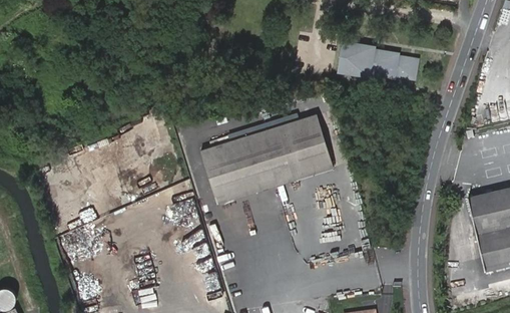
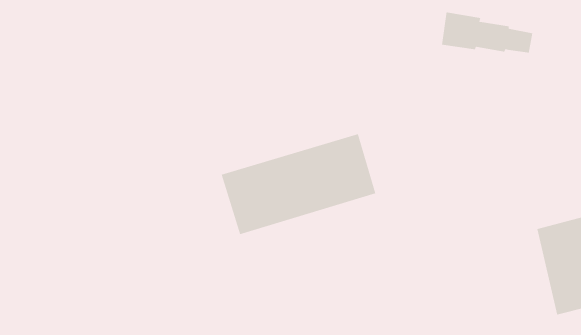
building: [338,45,416,80] -> [441,12,533,53]

